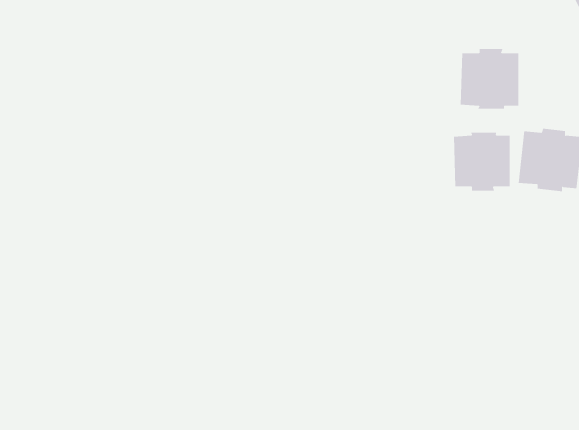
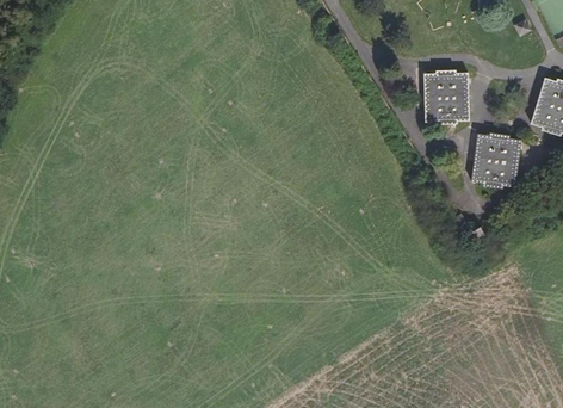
building: [453,132,510,191] -> none

